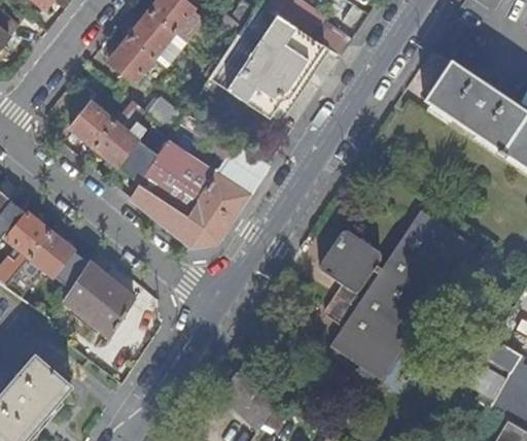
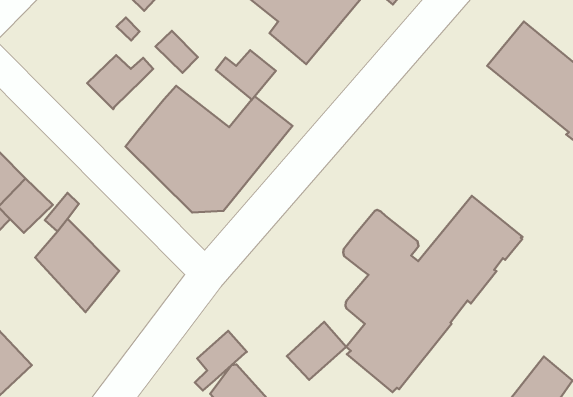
building: [70,102,115,147] -> none
building: none -> [216,50,276,100]
building: [118,140,159,182] -> none
building: none -> [287,322,346,380]
building: none -> [195,331,247,391]

